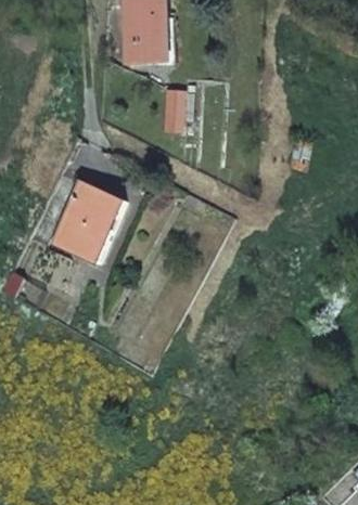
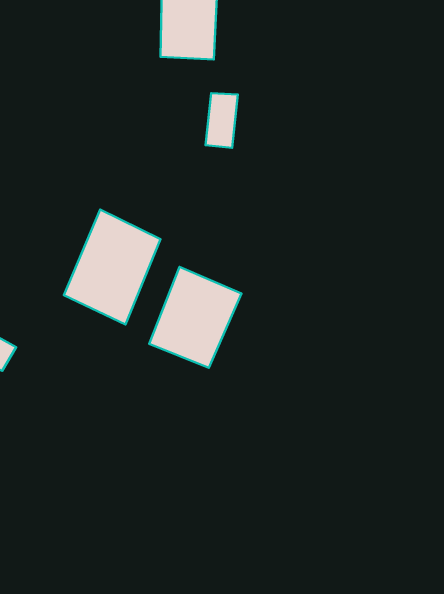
building: none -> [149,267,242,368]

